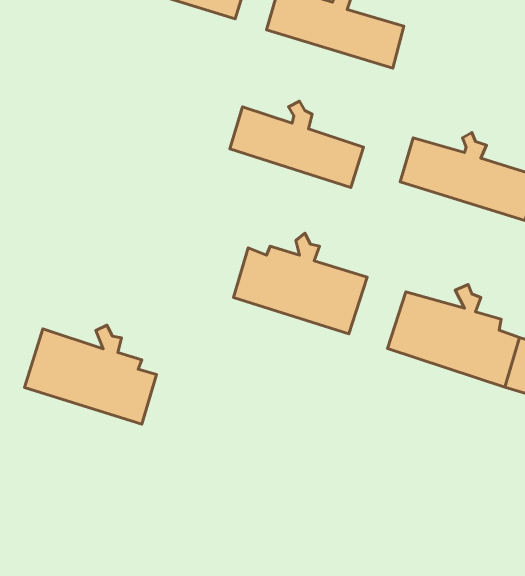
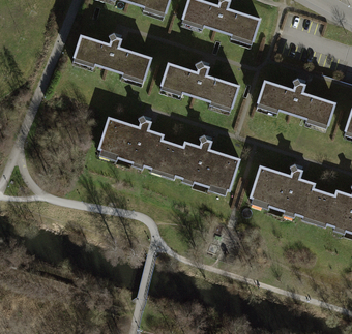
building: none -> [75,32,150,80]
building: [24,325,156,424] -> [97,116,172,172]

